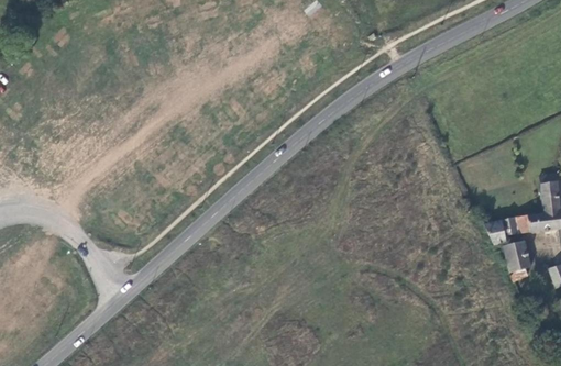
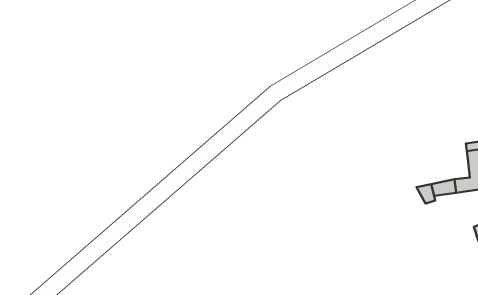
building: [502,240,528,278] -> none

